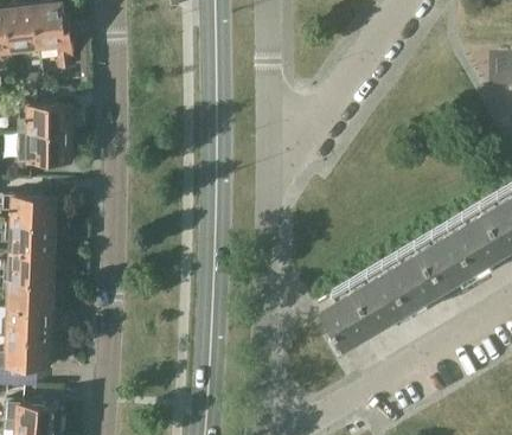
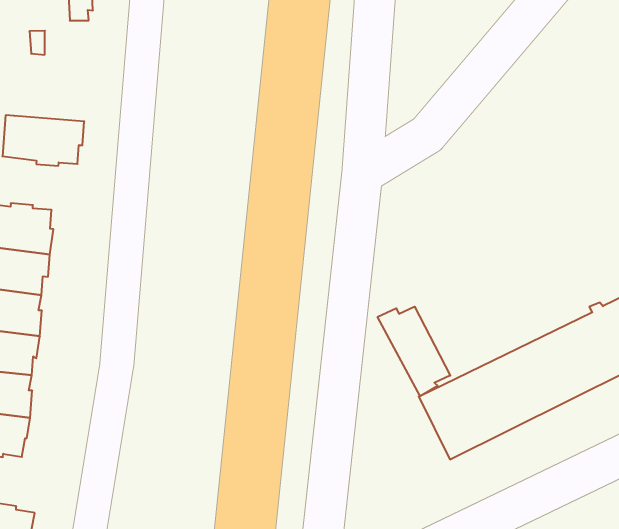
building: [19,105,73,136] -> none
building: none -> [378,307,450,396]

